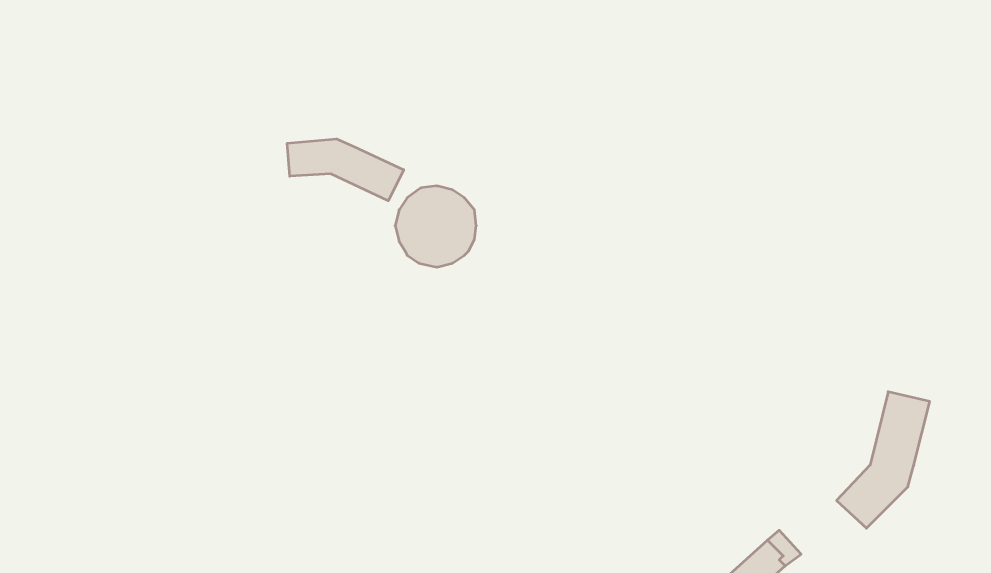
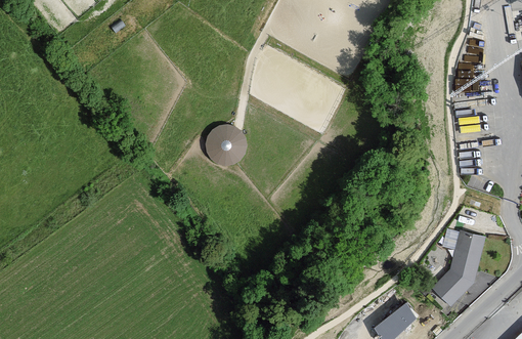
building: [287,139,404,201] -> none

